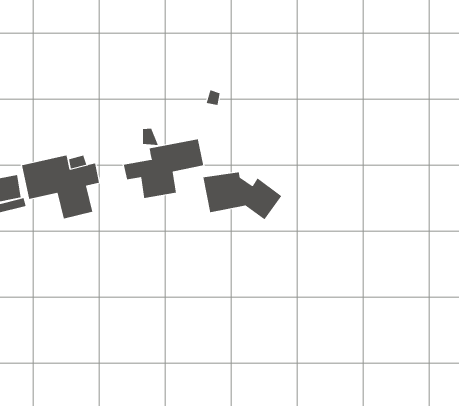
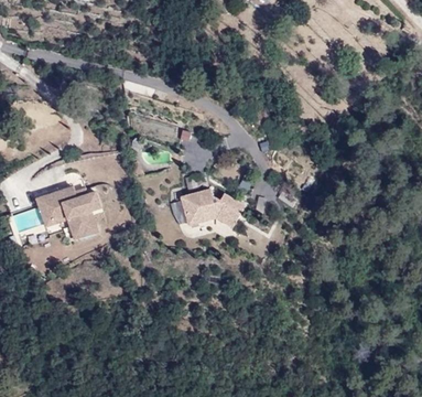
building: [123,138,204,199] -> none

